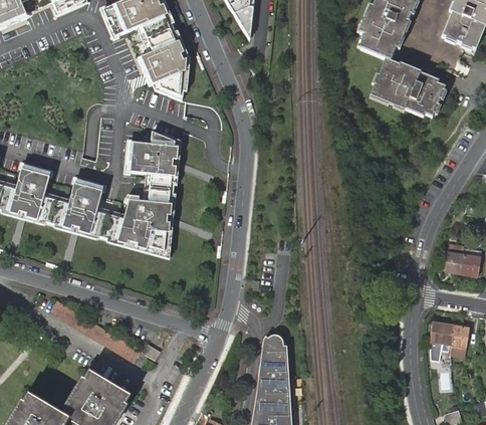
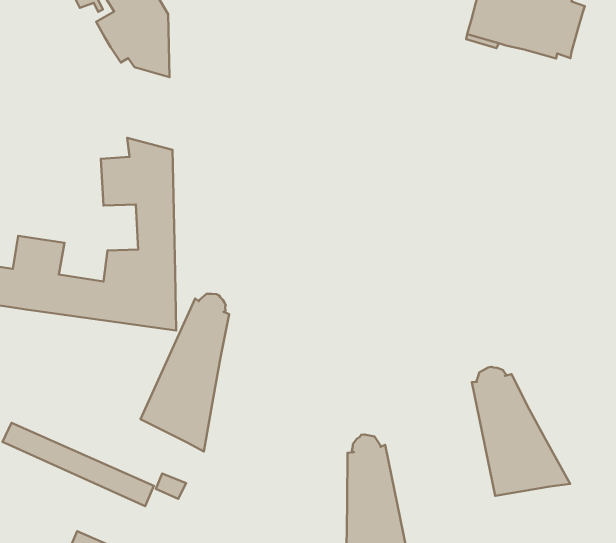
building: none -> [141,294,229,452]
building: none -> [472,367,570,496]

